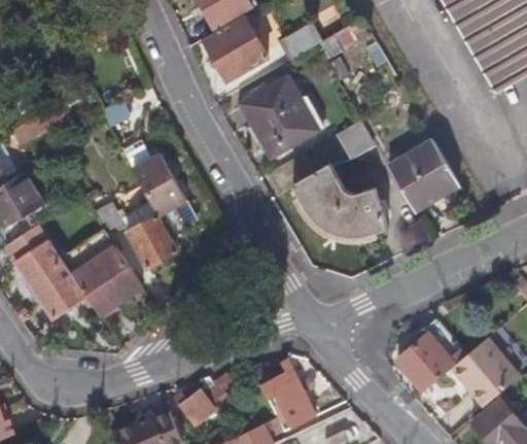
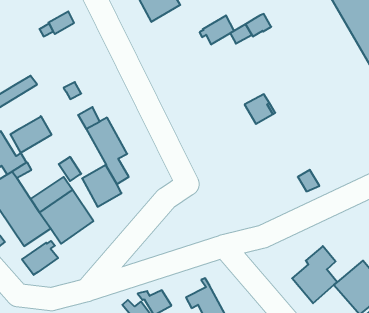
building: [203,12,266,81] -> none
building: [240,76,312,157] -> none
building: [387,140,457,207] -> none
building: none -> [10,116,51,153]
building: [291,165,386,238] -> none
building: none -> [22,241,58,275]

